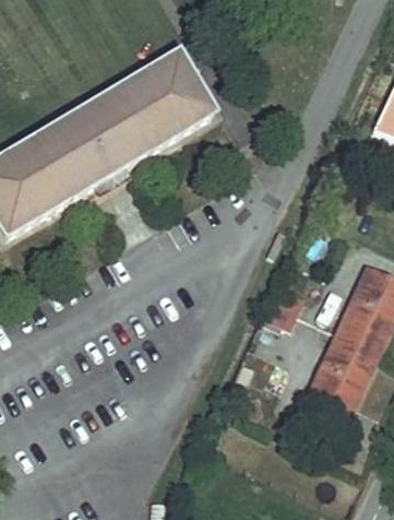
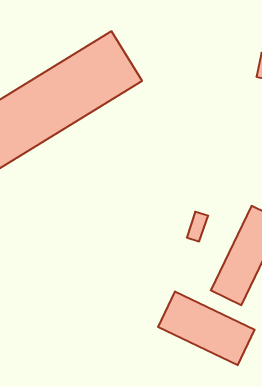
building: none -> [158,291,255,365]

